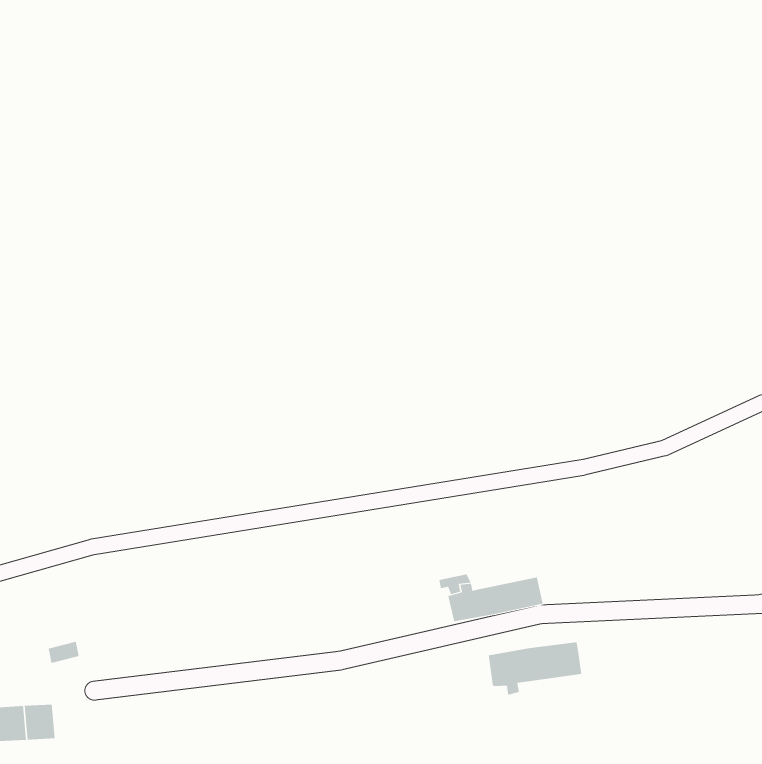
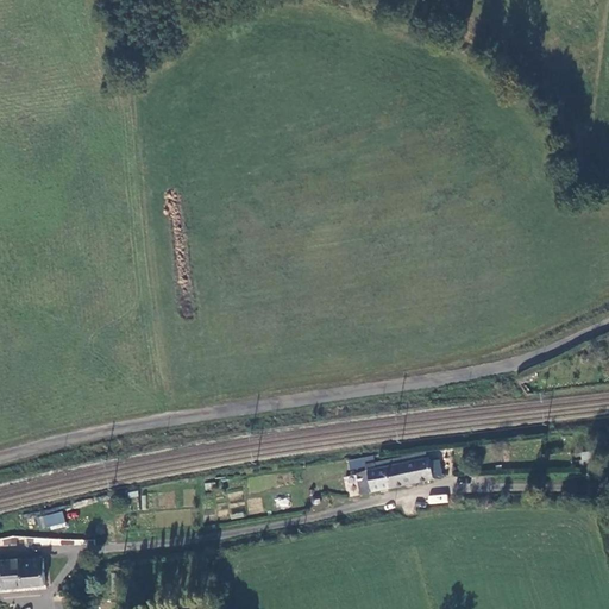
building: [488,641,582,695] -> none

